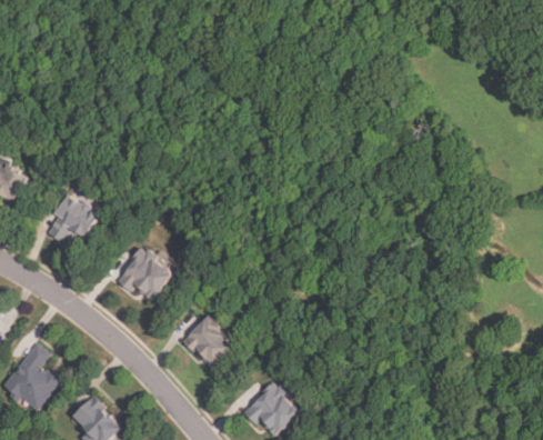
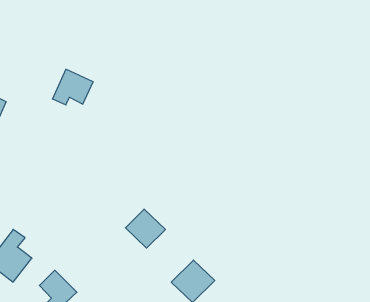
building: [47,196,100,242] -> [52,69,93,105]
building: [115,246,173,299] -> none

